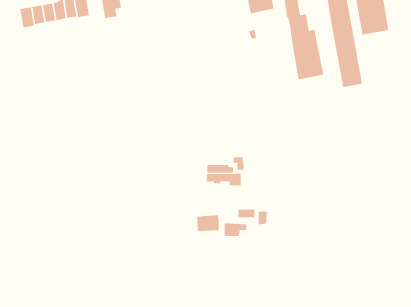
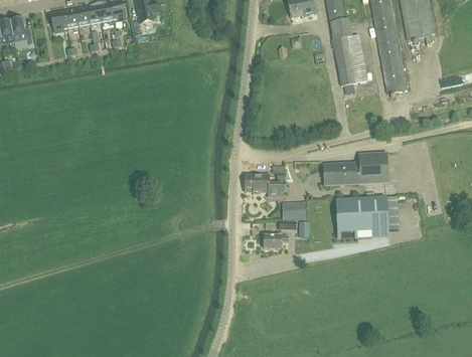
building: none -> [322,151,387,183]
building: none -> [337,195,388,234]
building: [196,215,220,231] -> [282,200,306,217]

